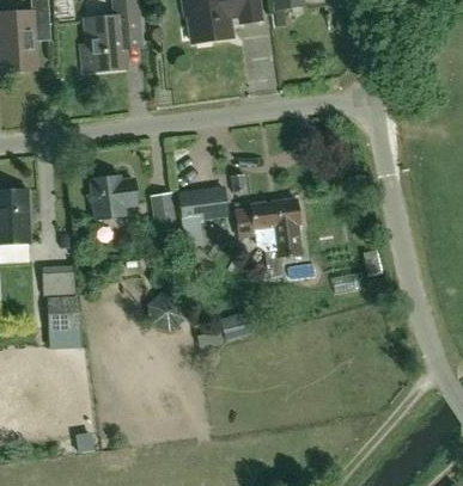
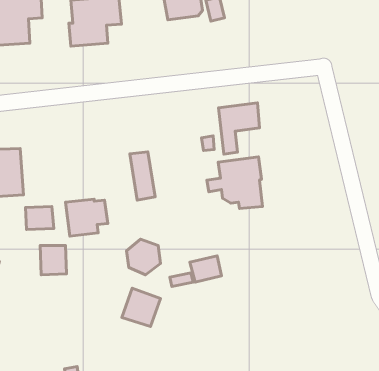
building: [90,177,138,219] -> [66,199,108,236]
building: [179,185,226,244] -> [218,103,260,154]
building: none -> [122,288,161,327]

